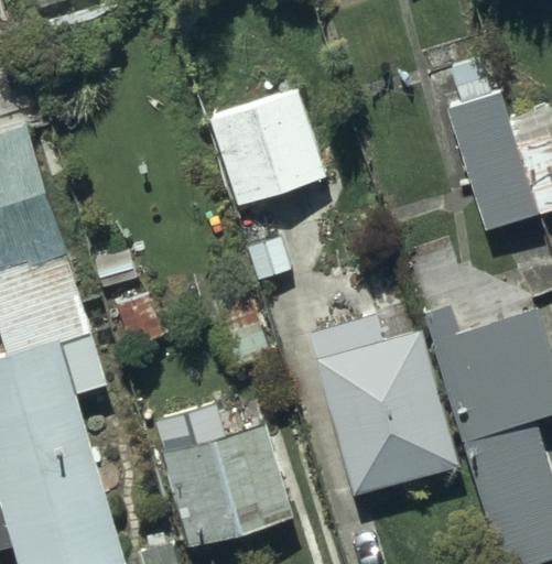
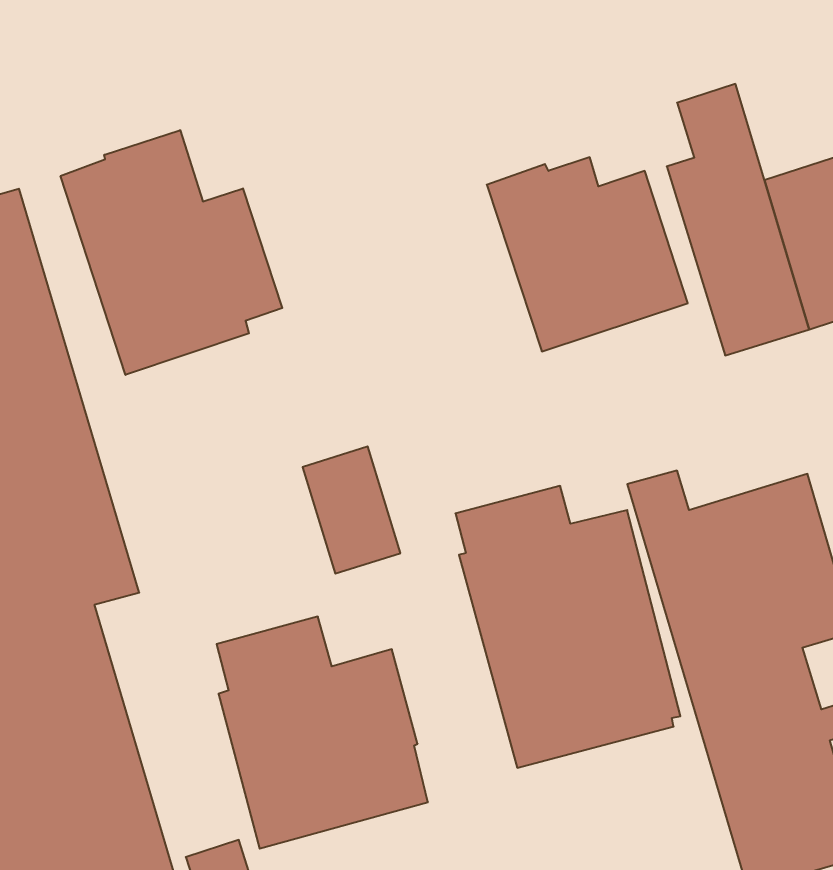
building: [199,83,328,207] -> [487,157,688,351]
building: none -> [61,130,282,375]

